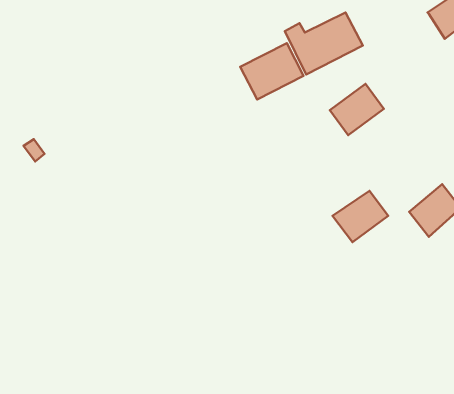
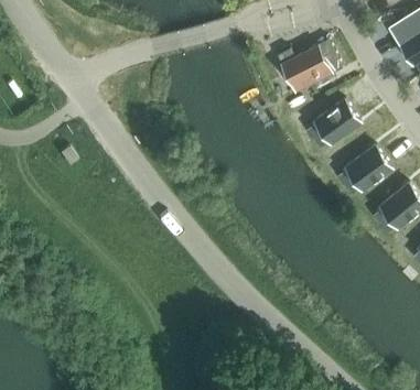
building: [240,43,303,99] -> none
building: [333,191,388,242] -> [345,143,391,186]

